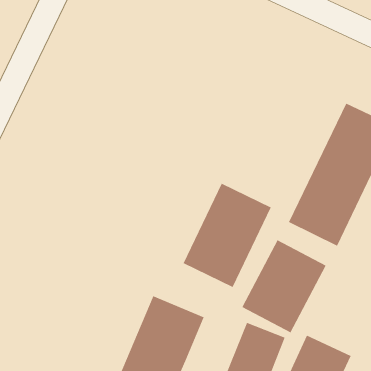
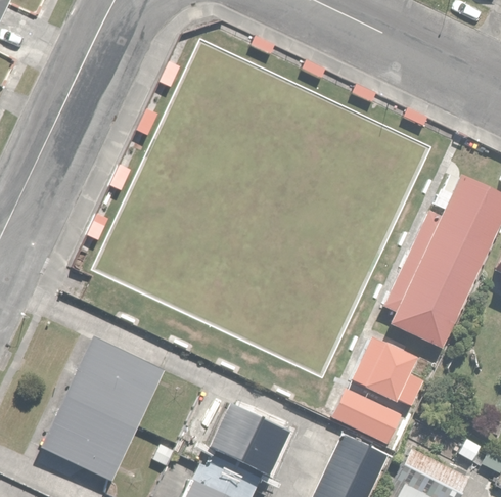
building: [183,183,272,288] -> none
building: none -> [40,334,168,483]

